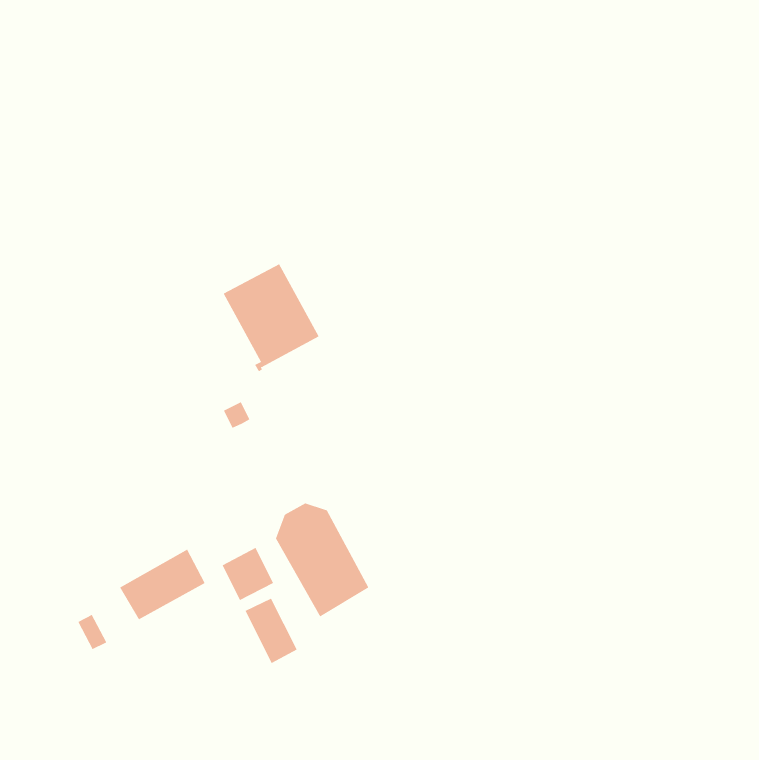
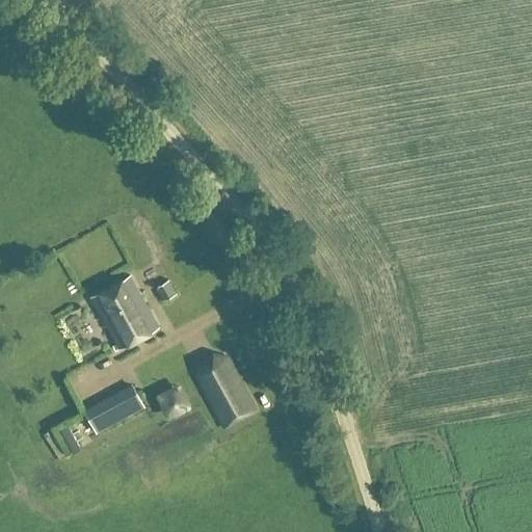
building: [223,264,320,372] -> [91,275,159,351]
building: [245,598,298,664] -> none

